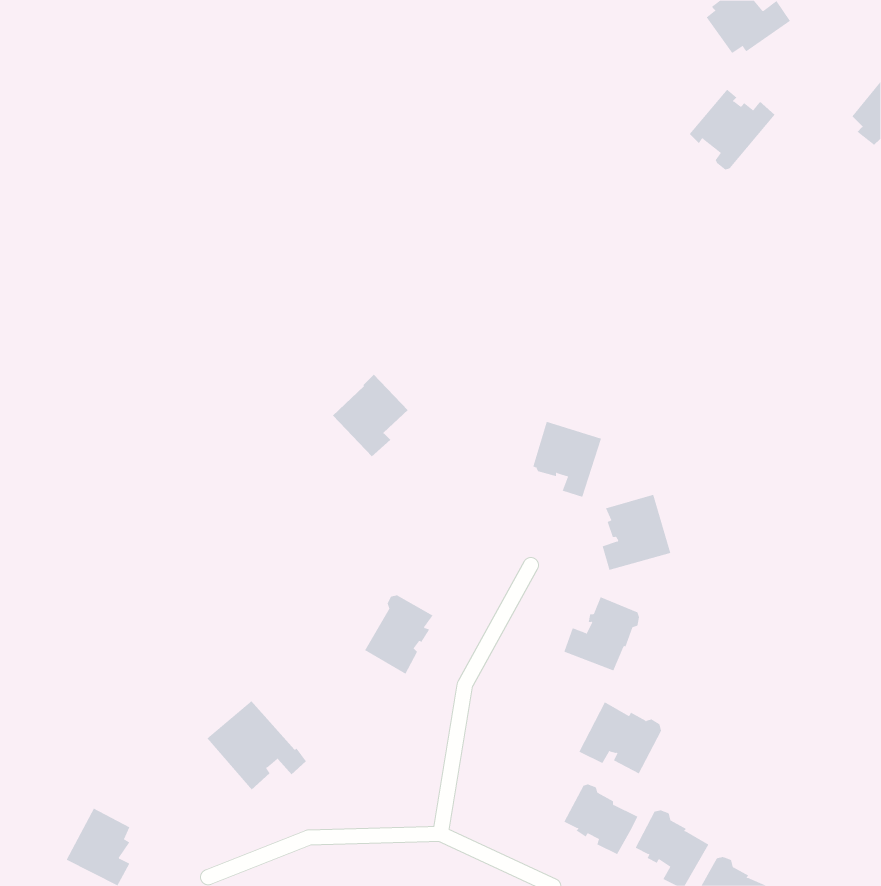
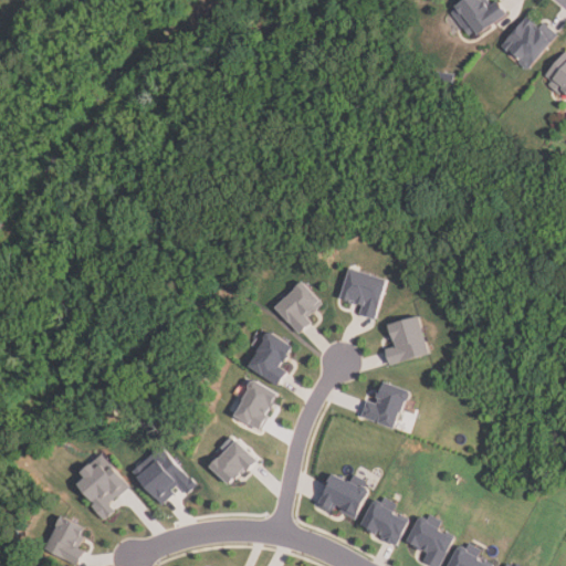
building: [689,89,775,170] -> [501,17,556,69]
building: [332,374,408,457] -> [273,280,322,333]
building: none -> [247,331,291,386]
building: none -> [209,437,255,483]
building: [579,701,662,774] -> [314,473,367,520]
building: none -> [75,462,128,521]

